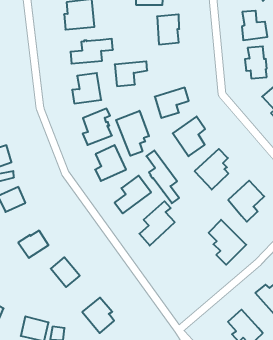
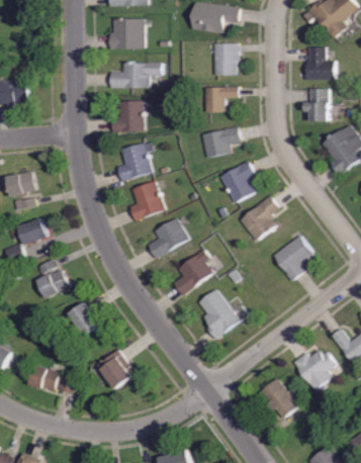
building: [115,61,147,86] -> [205,87,241,111]
building: [116,111,149,156] -> none
building: [146,150,179,203] -> none
building: [209,220,246,265] -> [198,288,239,339]

